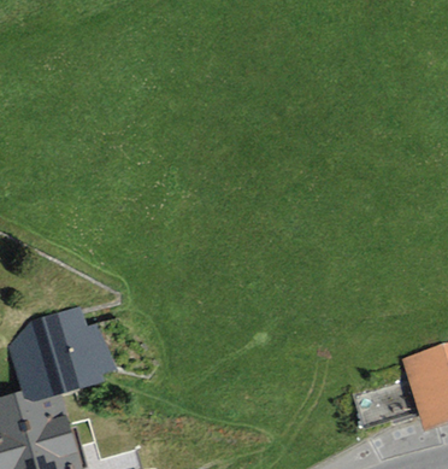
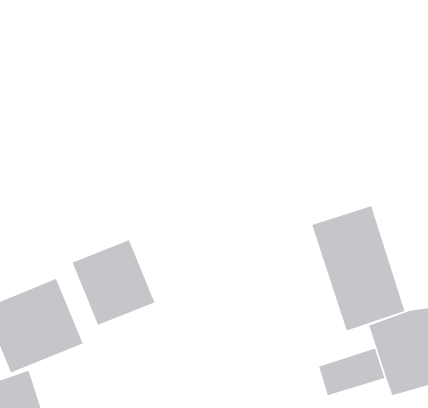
building: none -> [311,205,405,331]
building: none -> [72,239,155,326]

